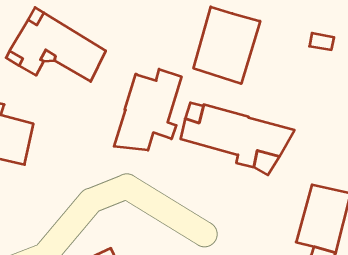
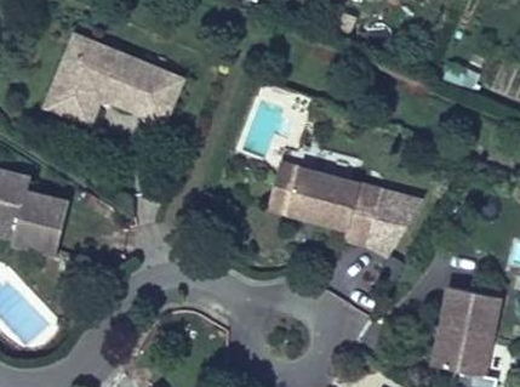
building: [194,7,260,84] -> none
building: [114,69,181,150] -> none

